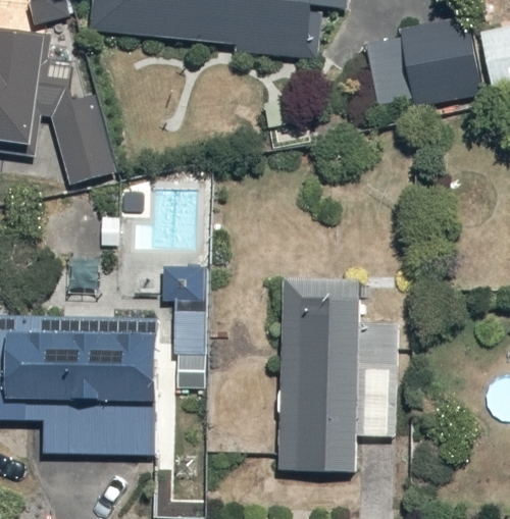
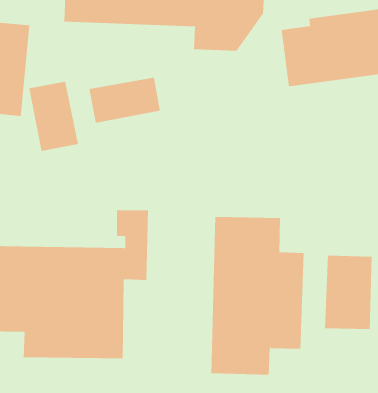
building: none -> [89,77,161,124]
building: none -> [325,255,372,330]

